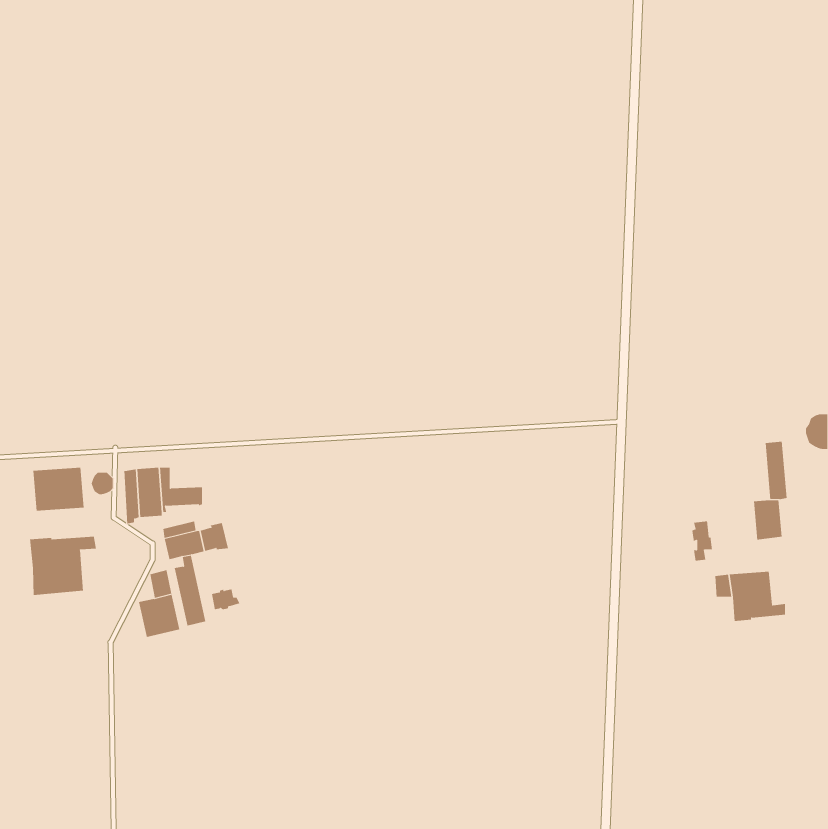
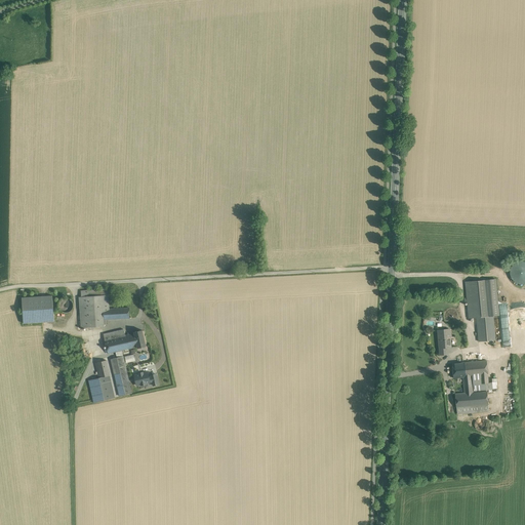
building: none -> [465,280,486,318]
building: [29,536,97,596] -> none
building: none -> [454,391,488,414]

